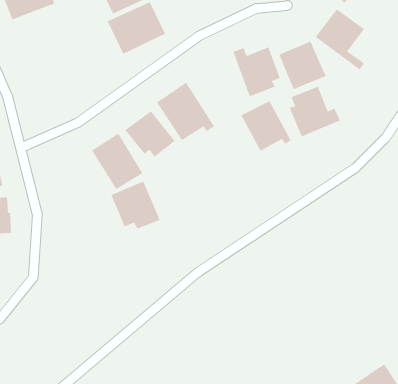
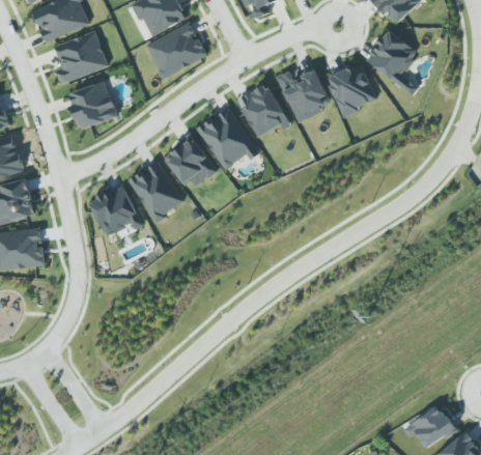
building: none -> [55,30,108,84]
building: none -> [69,80,117,130]
building: [289,86,340,137] -> none
building: [241,100,291,151] -> [236,83,290,137]
building: [110,181,160,229] -> [89,186,142,236]

